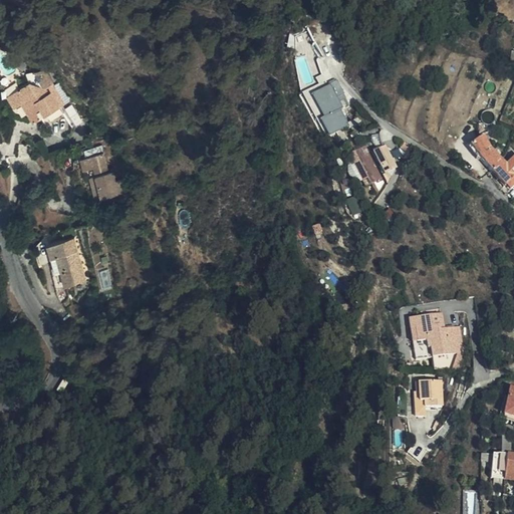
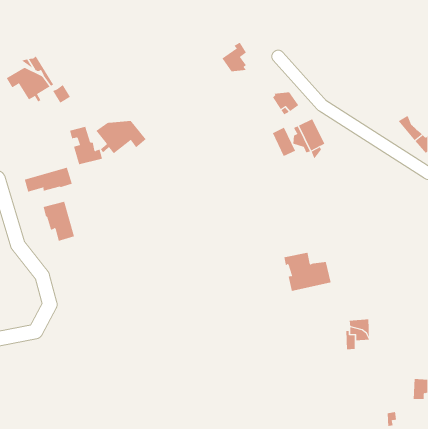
building: [315,76,345,112] -> [222,42,247,72]
building: none -> [96,120,146,154]
building: none -> [272,127,296,157]
building: none -> [24,167,73,193]
building: [408,313,465,360] -> [284,252,332,292]

